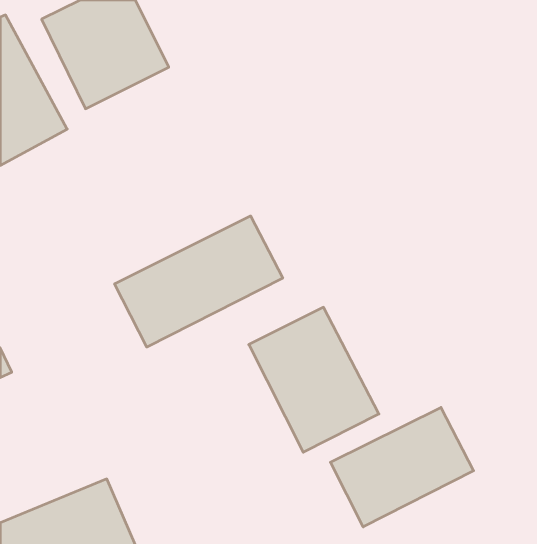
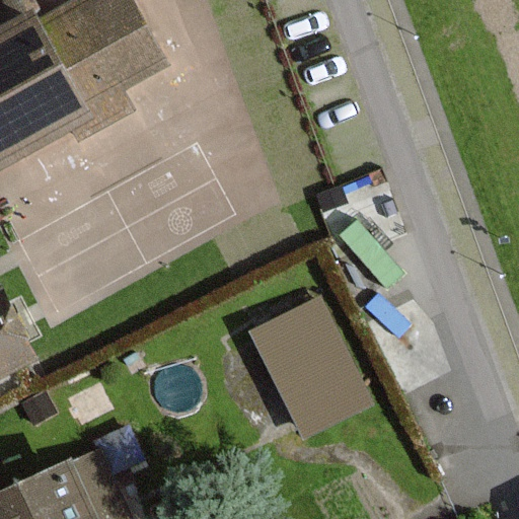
building: [115,216,283,347] -> none
building: [330,407,474,527] -> none

